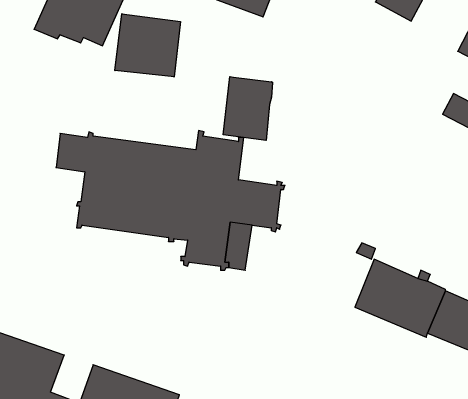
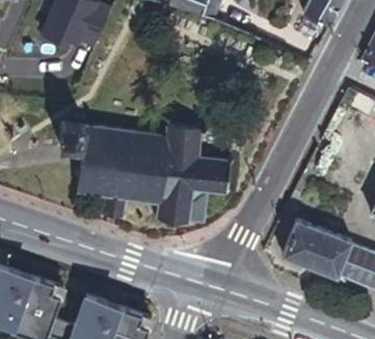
building: [115,14,180,77] -> none
building: [223,77,273,140] -> none

